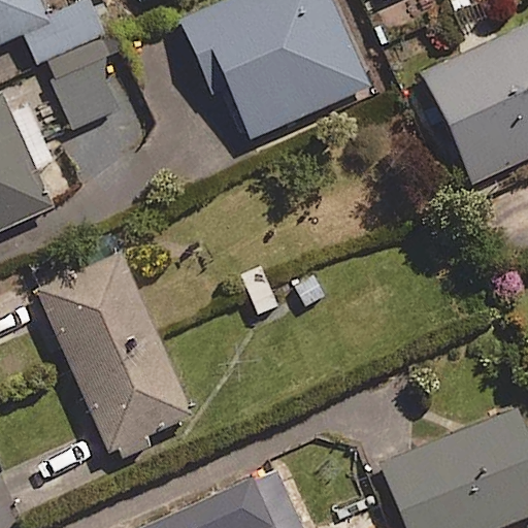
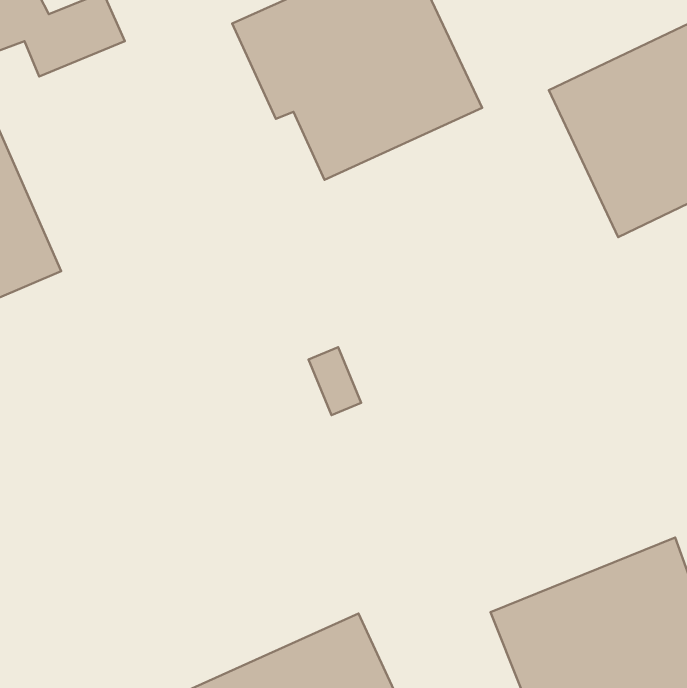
building: [48,45,123,128] -> none
building: [34,251,193,459] -> none

